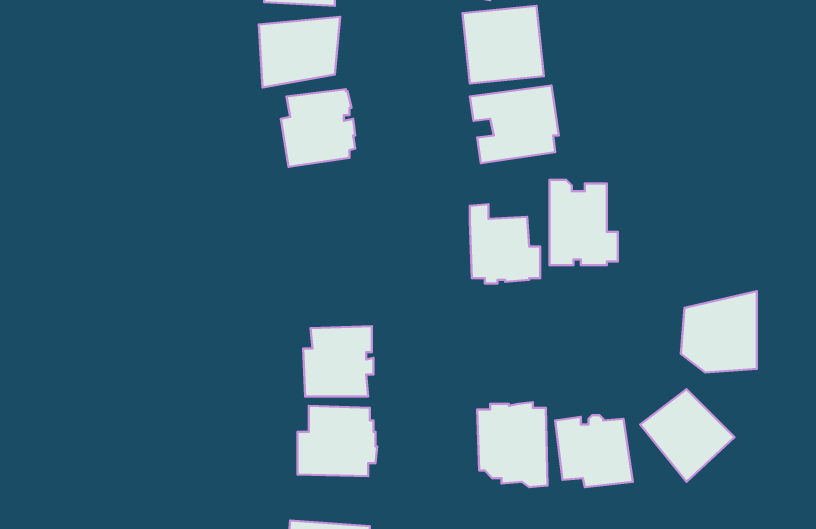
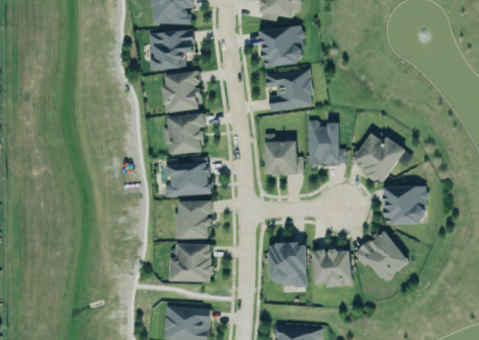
building: none -> [162,113,206,156]
building: none -> [348,132,407,185]
building: none -> [164,160,211,196]

